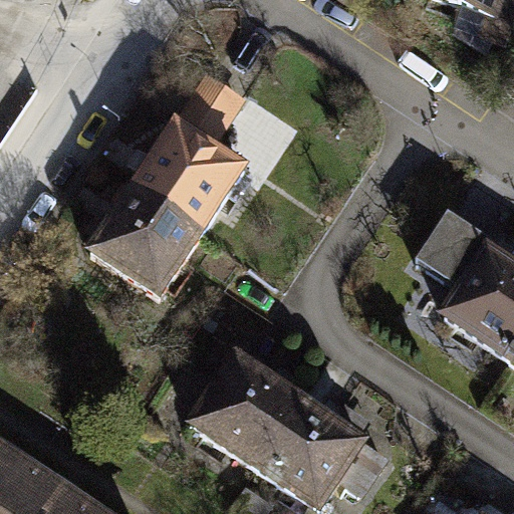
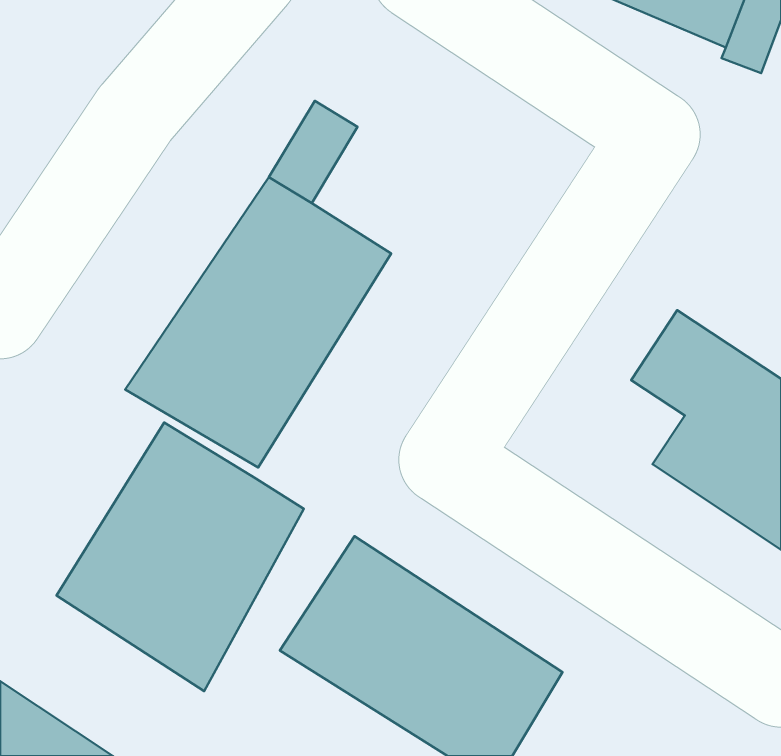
building: none -> [56,422,304,691]

